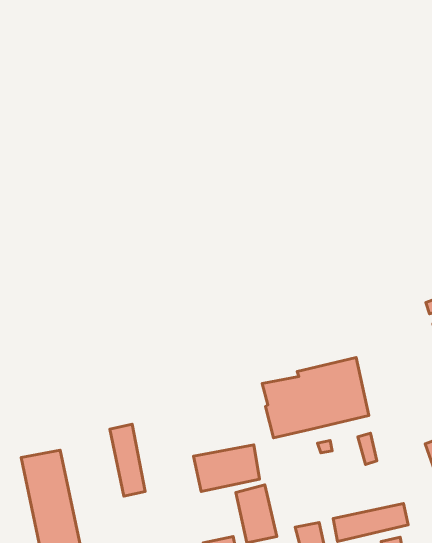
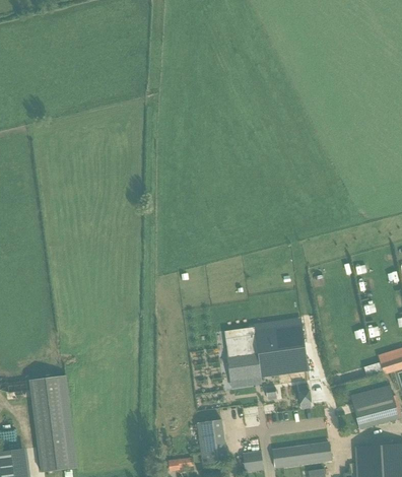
building: [110,424,145,496] -> none
building: [193,445,259,492] -> none

